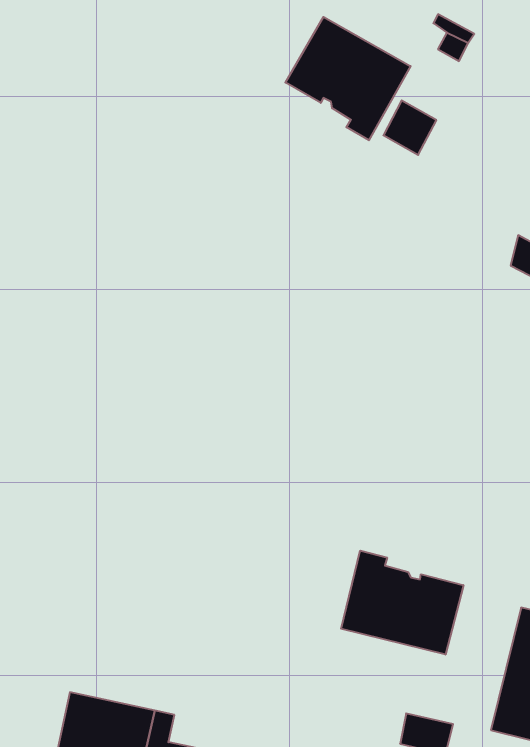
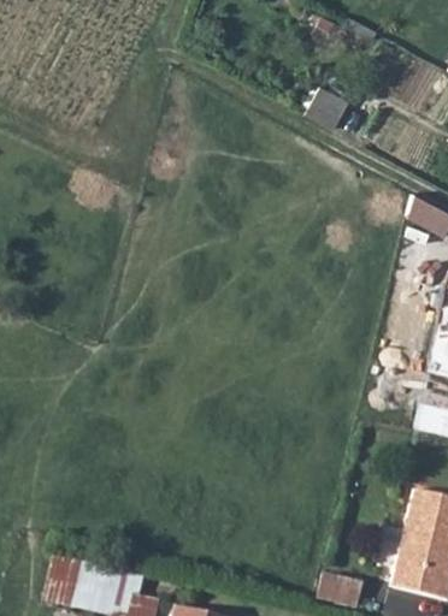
building: [285,17,411,140] -> none
building: [341,551,463,655] -> none

